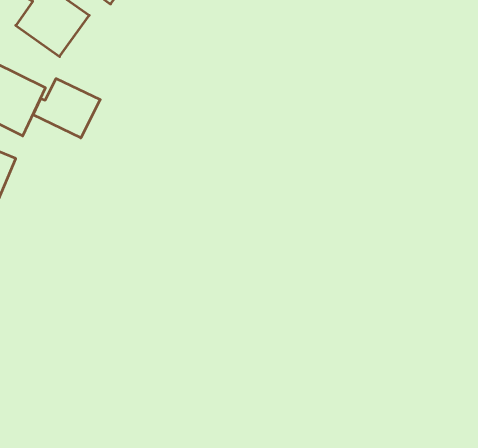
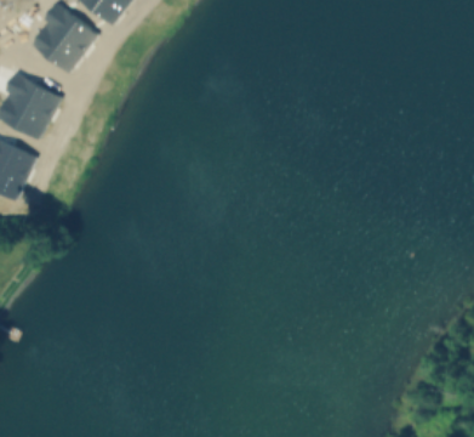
building: [33,79,100,138] -> none

